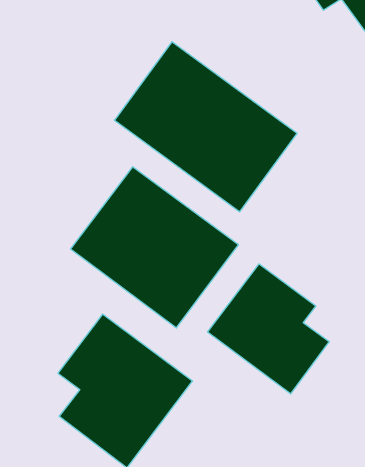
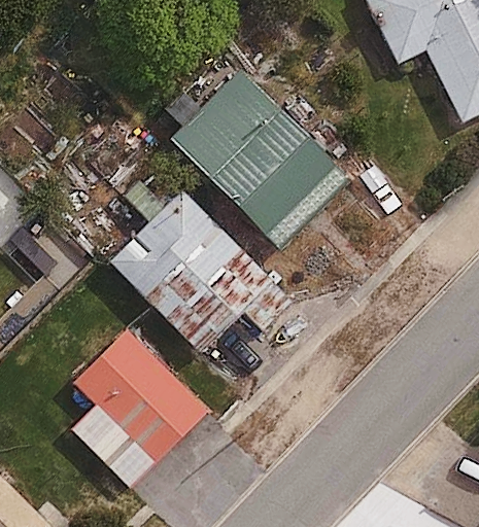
building: [208,264,329,394] -> none

